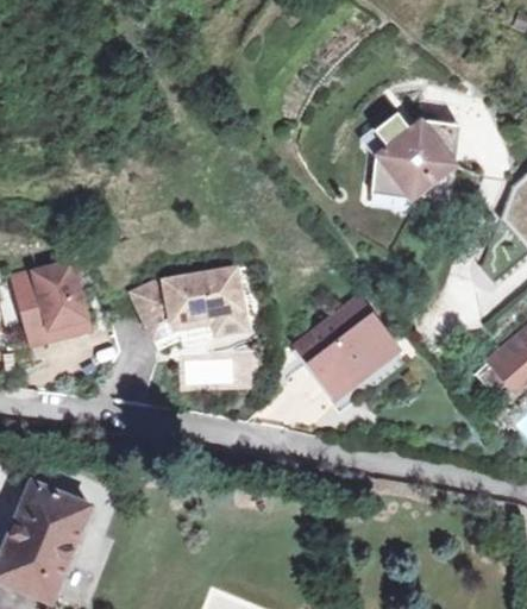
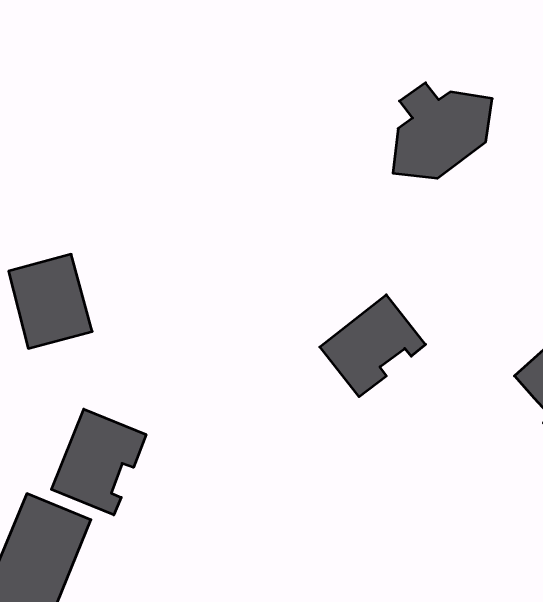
building: [134,269,246,349] -> none
building: none -> [51,409,146,515]

